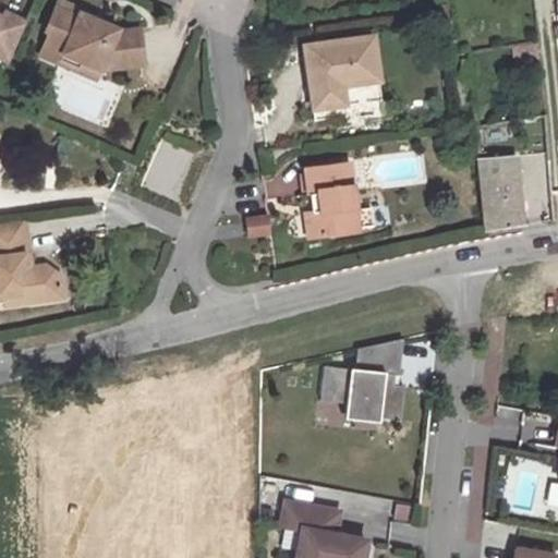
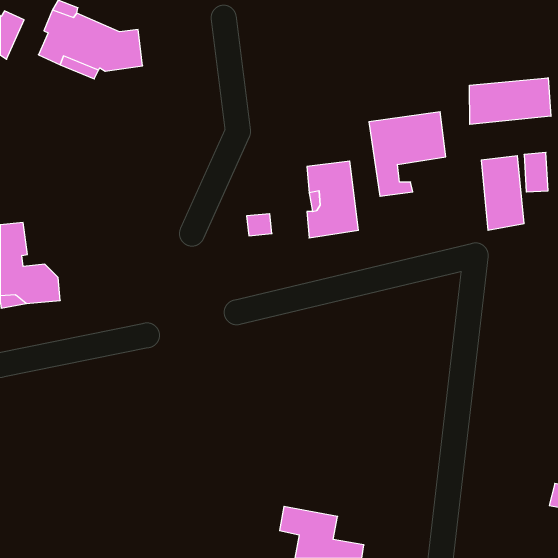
building: [304,35,380,119] -> [369,112,446,196]
building: none -> [470,78,551,124]
building: [319,343,403,422] -> none

